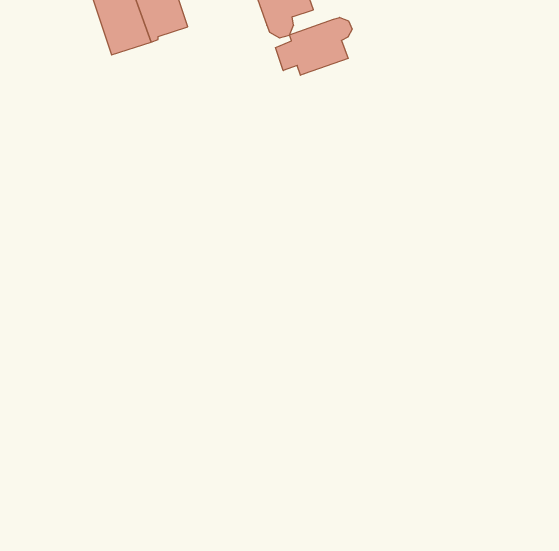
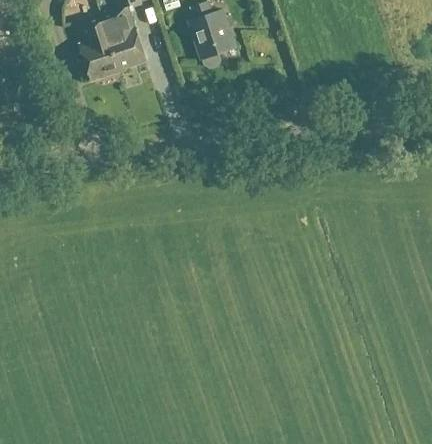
building: [275,17,352,75] -> none

